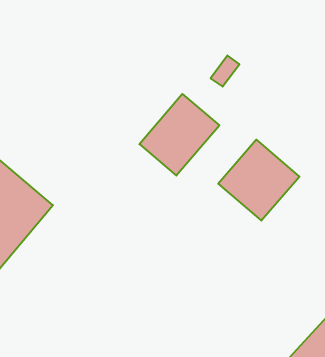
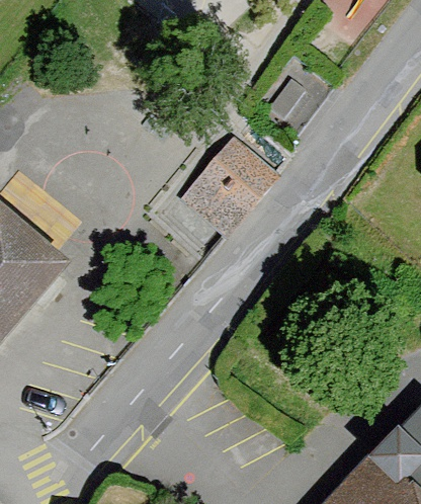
building: [218,140,299,221] -> none

